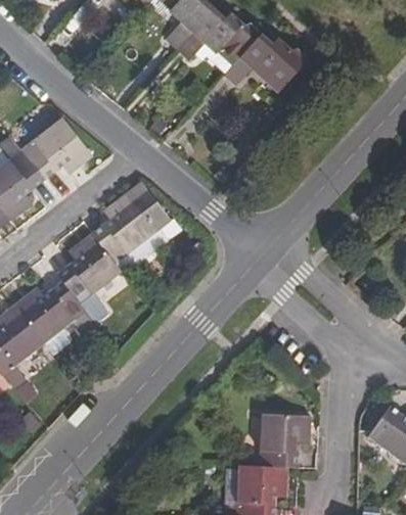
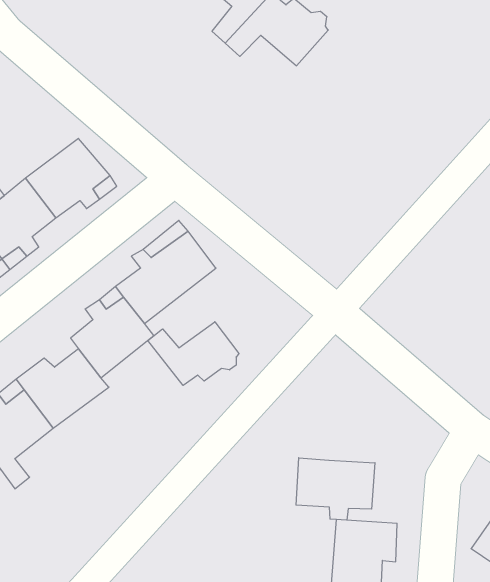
building: [224,32,305,86] -> none
building: none -> [148,322,239,385]
building: none -> [296,458,375,520]

